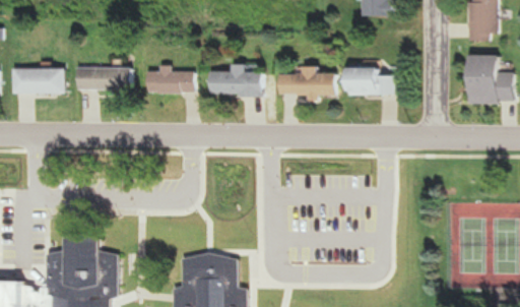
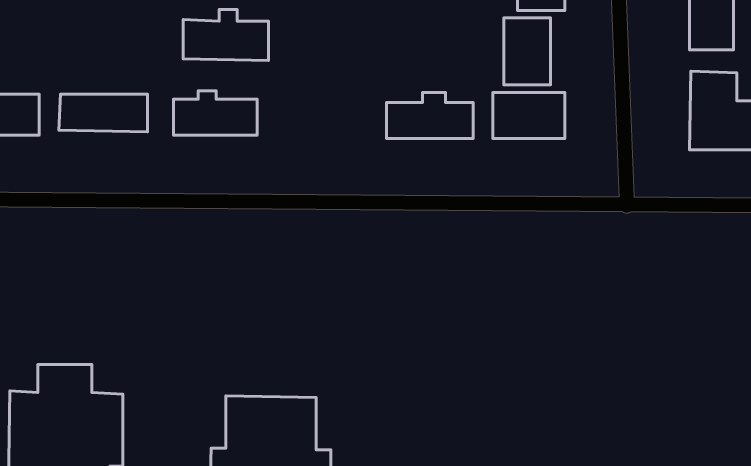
building: none -> [504,18,550,85]
building: [214,65,267,97] -> [183,10,268,60]

